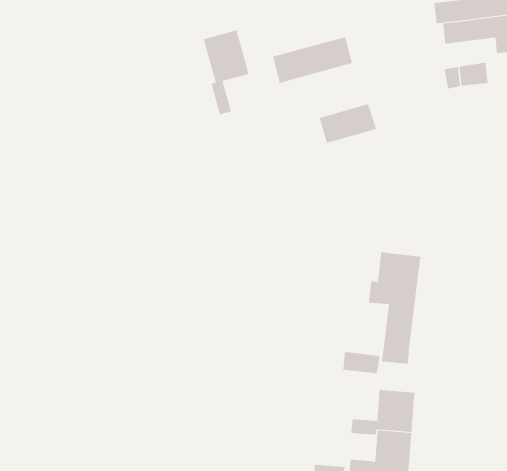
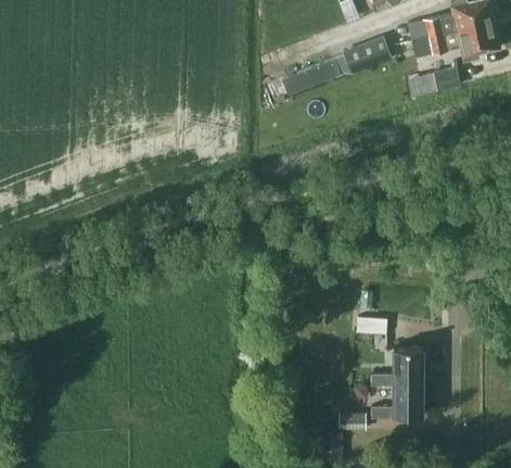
building: [203,30,249,115] -> none
building: [319,104,377,143] -> [344,36,393,72]
building: [369,252,421,365] -> none

